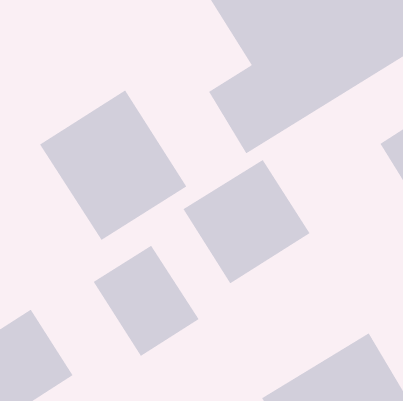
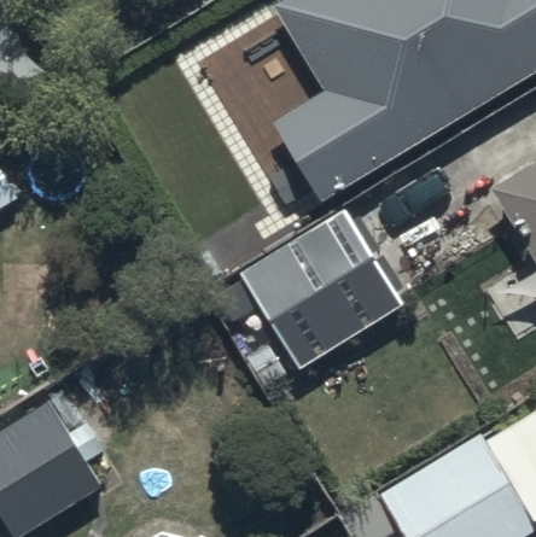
building: [39,89,187,241] -> none
building: [93,245,199,357] -> none

